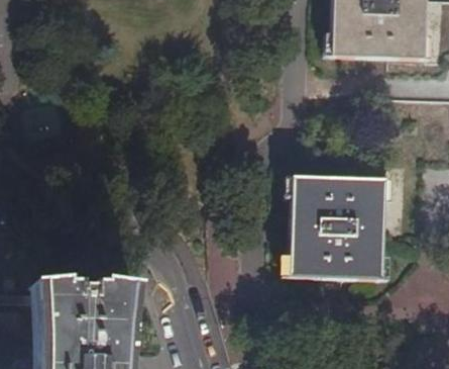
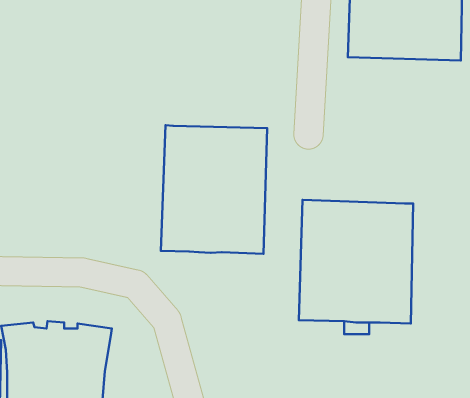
building: none -> [161,125,267,254]

